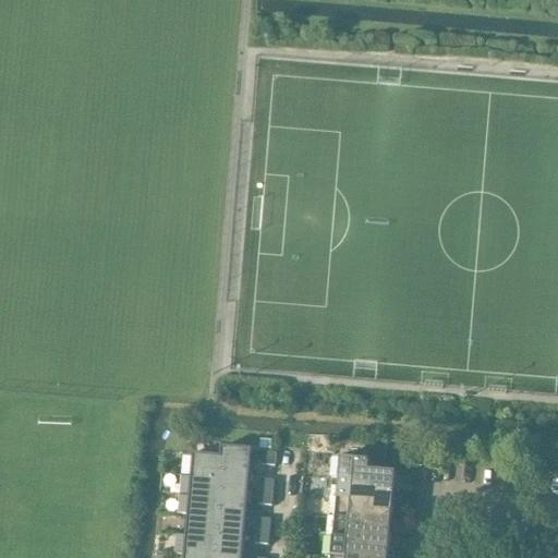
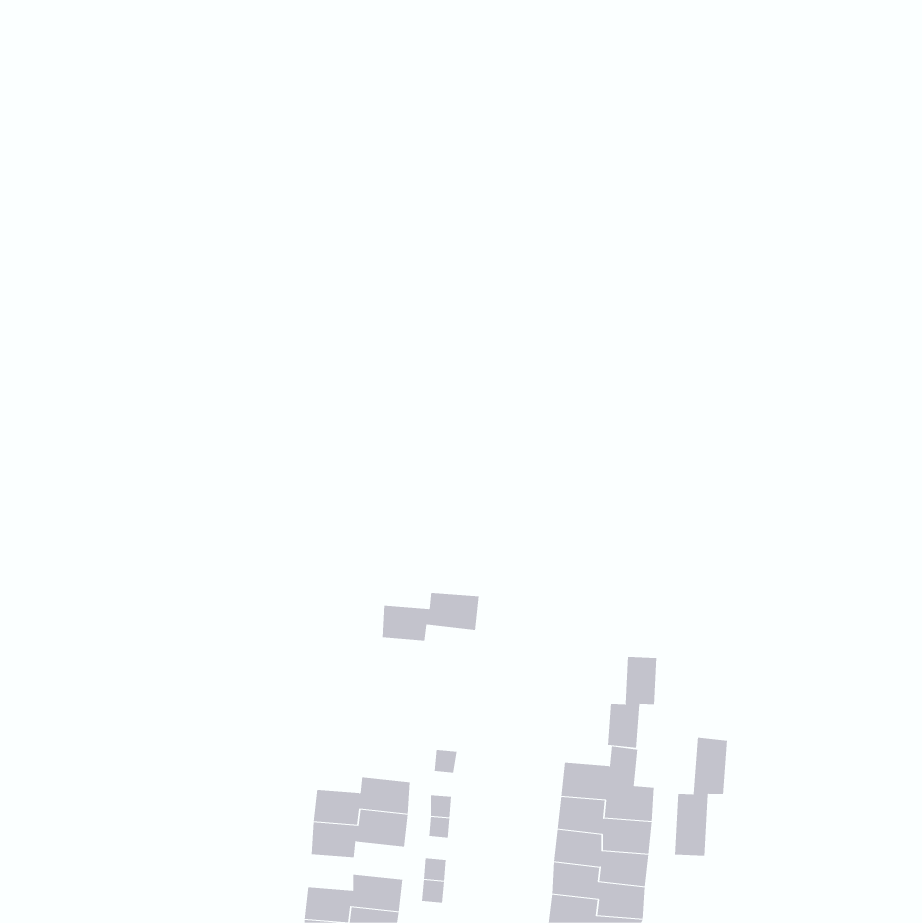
building: none -> [607,656,657,749]
building: none -> [675,737,728,856]
building: [191,449,250,478] -> [382,592,479,641]
building: [185,508,244,537] -> none

